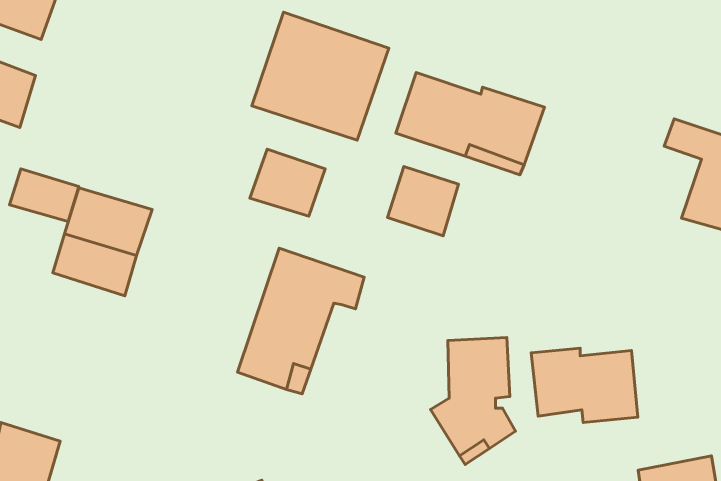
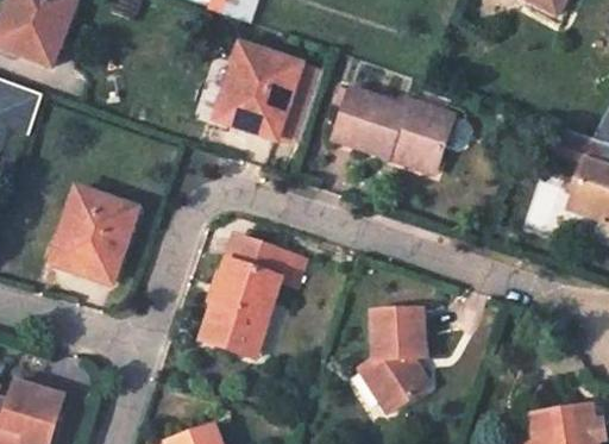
building: [250,149,325,216] -> none
building: [388,166,458,236] -> none
building: [9,169,79,221] -> none
building: [531,348,638,423] -> none

